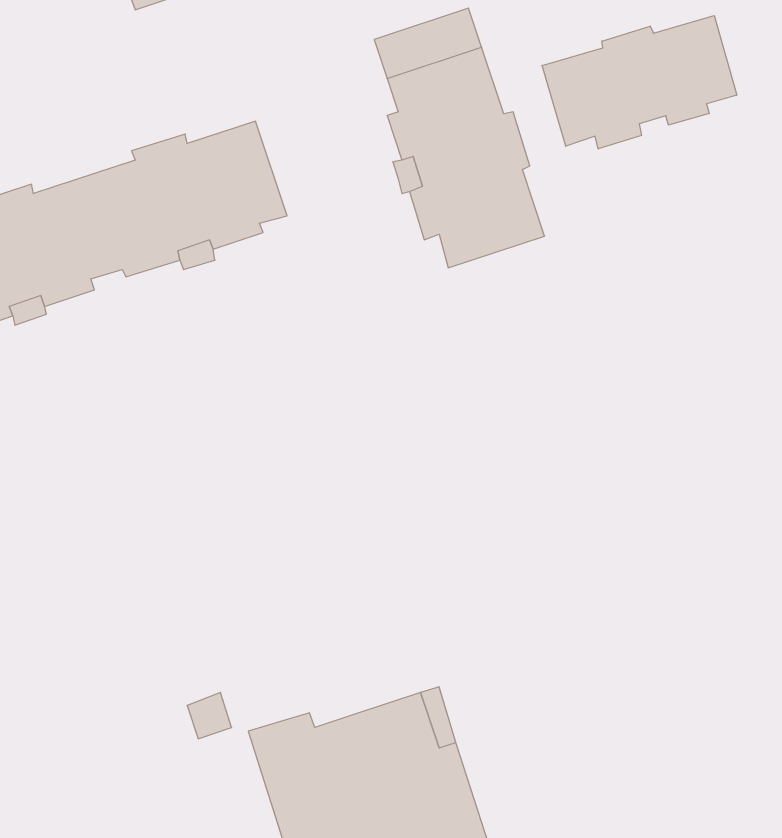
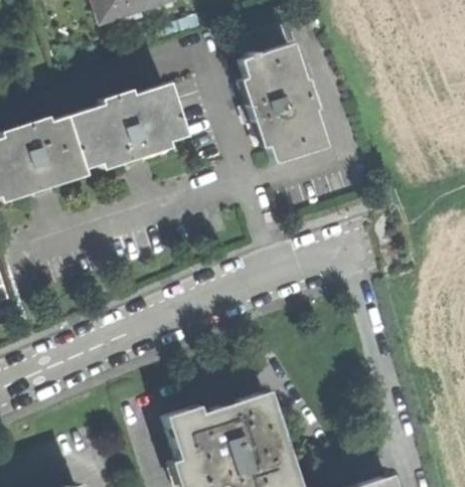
building: [542,16,737,149] -> none

